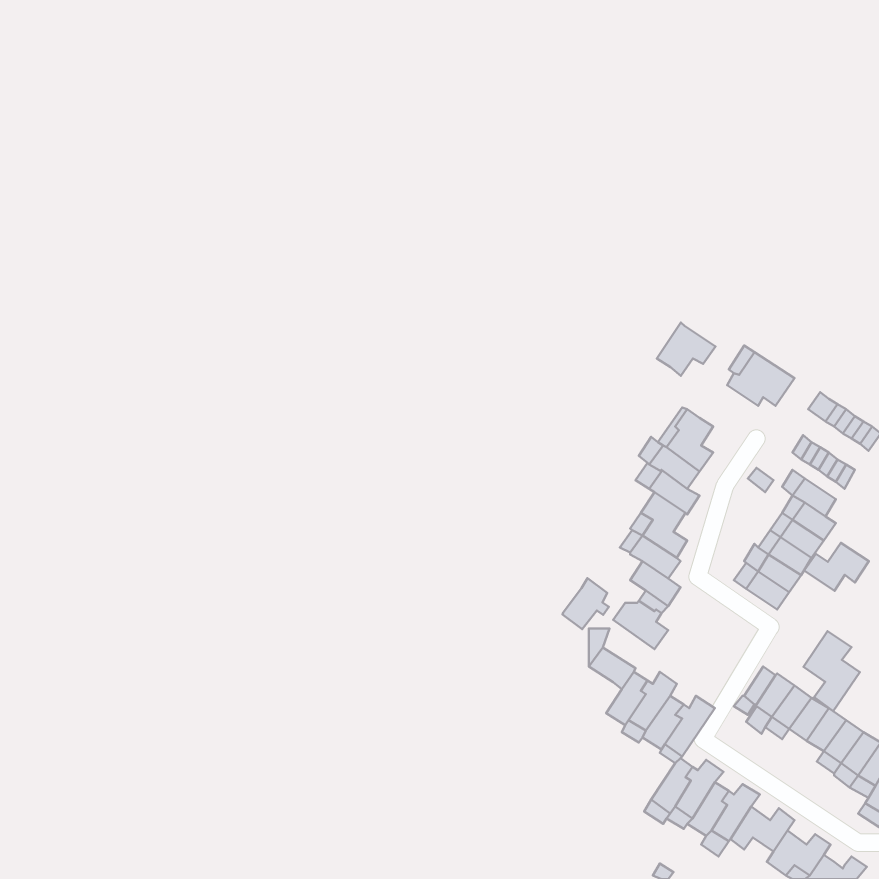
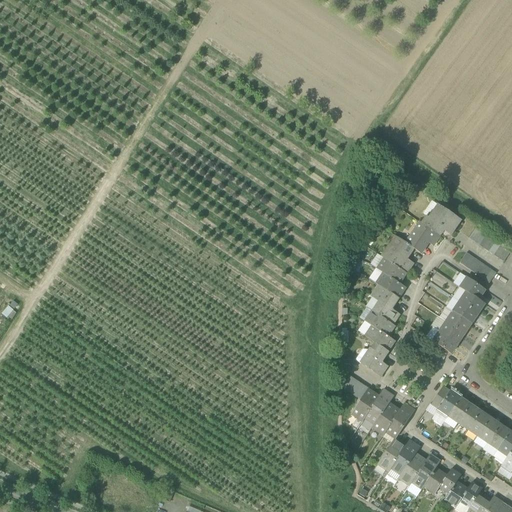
building: [657,322,715,376] -> [407,221,441,252]
building: [804,543,869,591] -> none
building: [562,578,609,629] -> none
building: [804,631,860,711] -> none

